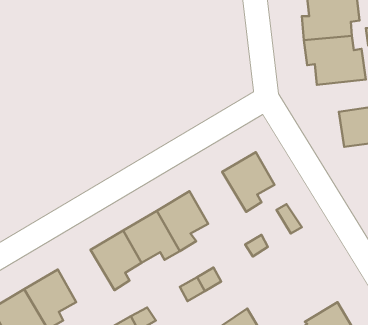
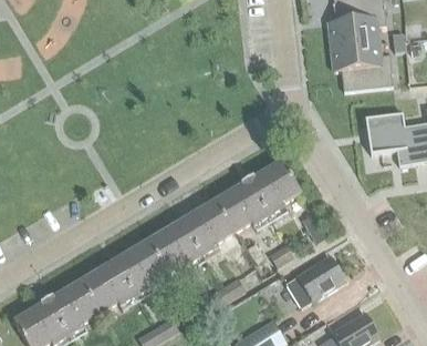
building: none -> [214,179,271,232]
building: none -> [284,254,345,307]
building: none -> [80,258,137,312]

